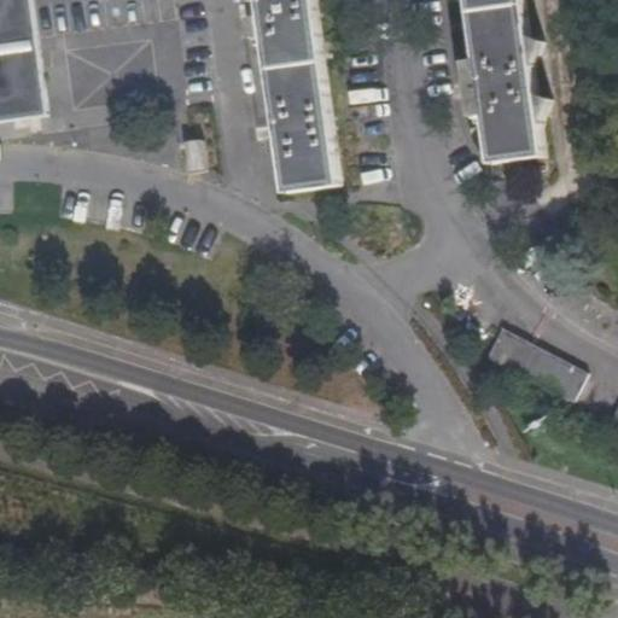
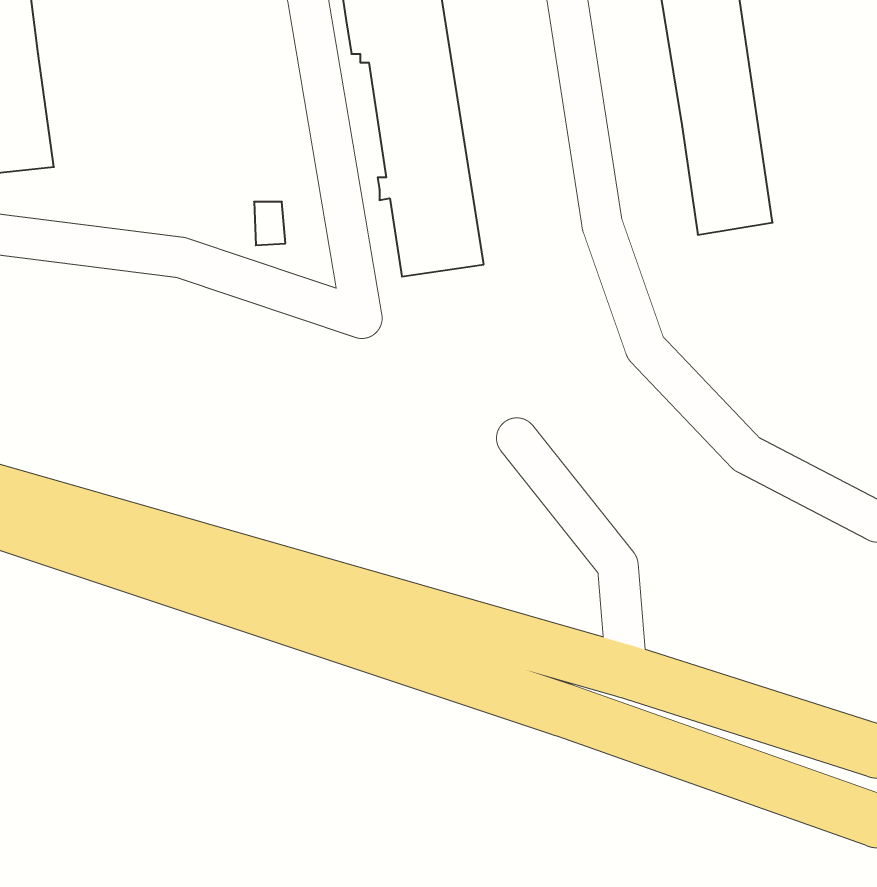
building: [483,326,583,398] -> none

